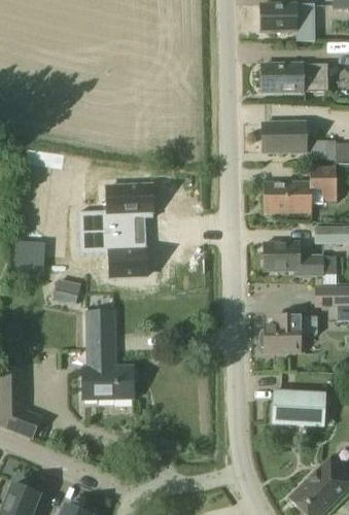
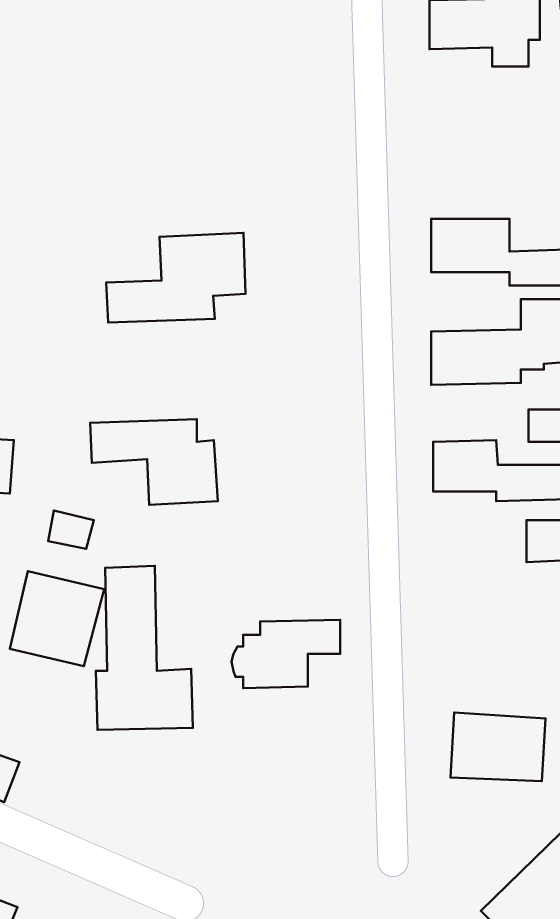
building: [261,64,327,92] -> none
building: [77,184,152,233] -> [106,233,245,323]
building: none -> [10,571,104,666]
building: [258,315,317,352] -> [232,620,340,688]

